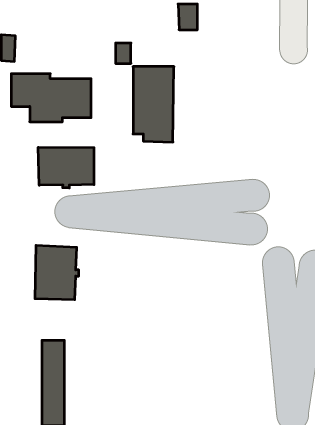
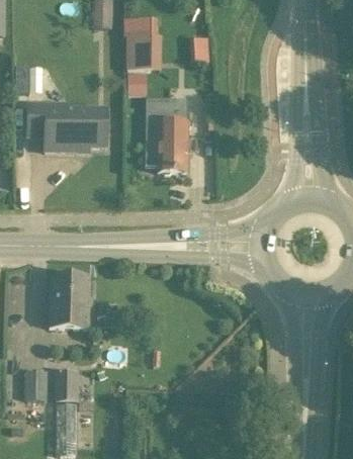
building: none -> [126,34,150,68]
building: [38,147,94,188] -> none
building: none -> [23,369,47,398]

